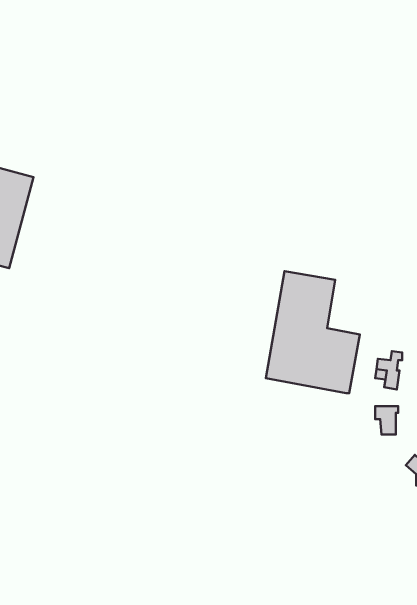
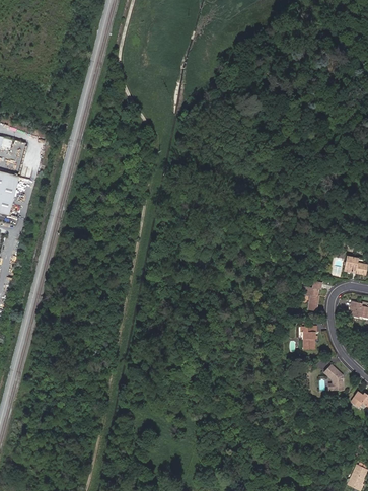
building: [266,271,360,393] -> none

